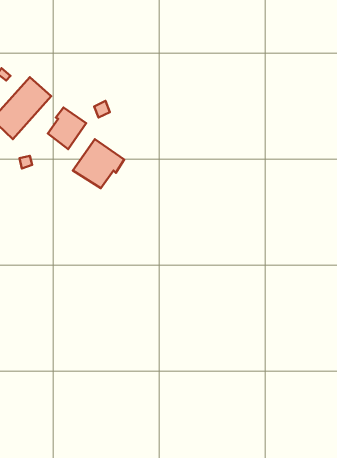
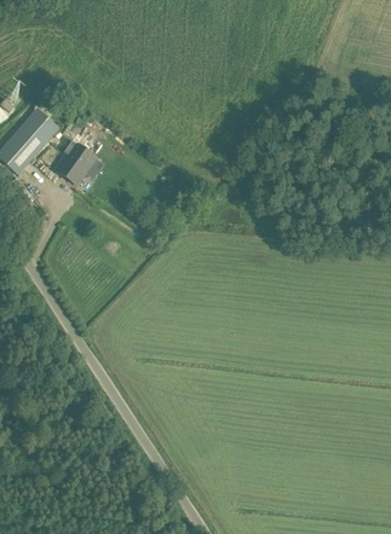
building: [73,139,124,188] -> none

